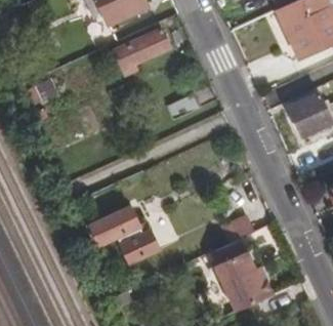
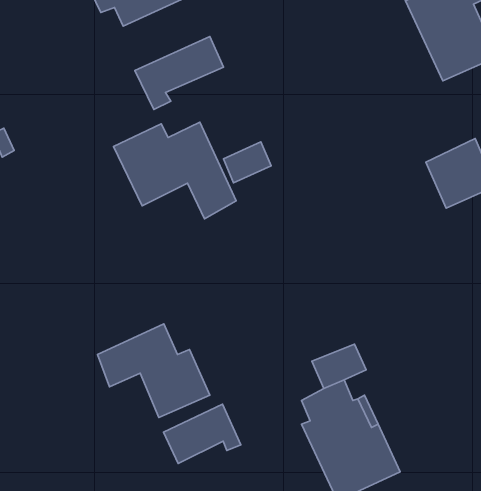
building: none -> [113,122,236,219]
building: none -> [163,404,241,463]

